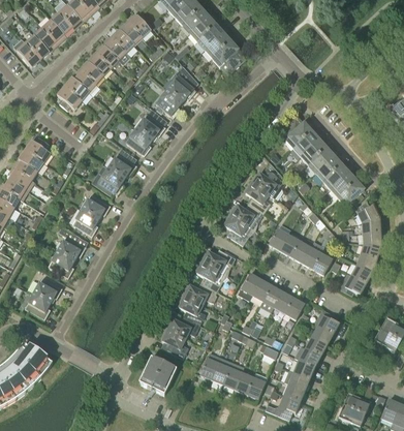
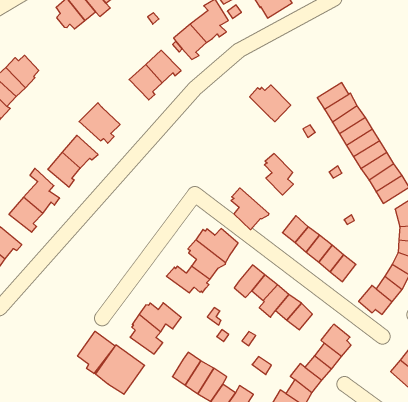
building: [107,153,136,179] -> none
building: [251,168,285,197] -> [250,85,291,122]
building: [228,202,263,229] -> none
building: [178,294,206,325] -> none
building: none -> [78,331,115,374]

